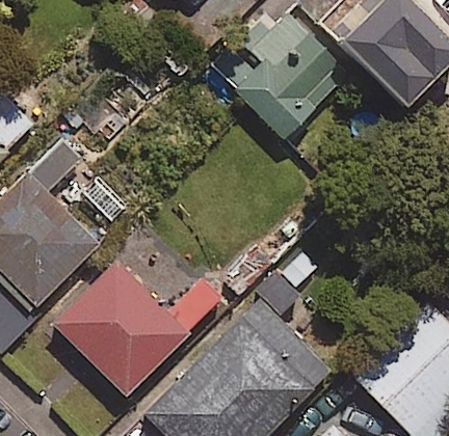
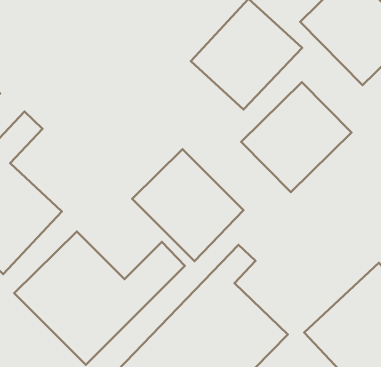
building: none -> [241,82,352,192]
building: none -> [132,149,243,261]

